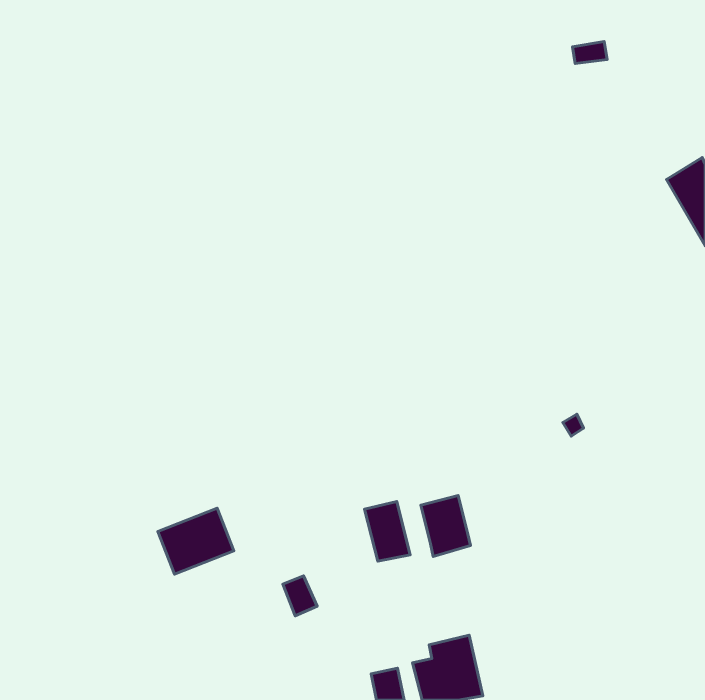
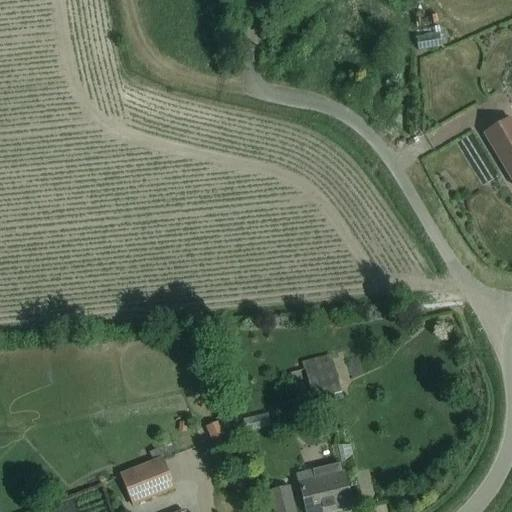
building: [365,501,410,561] -> none
building: [158,508,234,574] -> [119,454,174,502]

